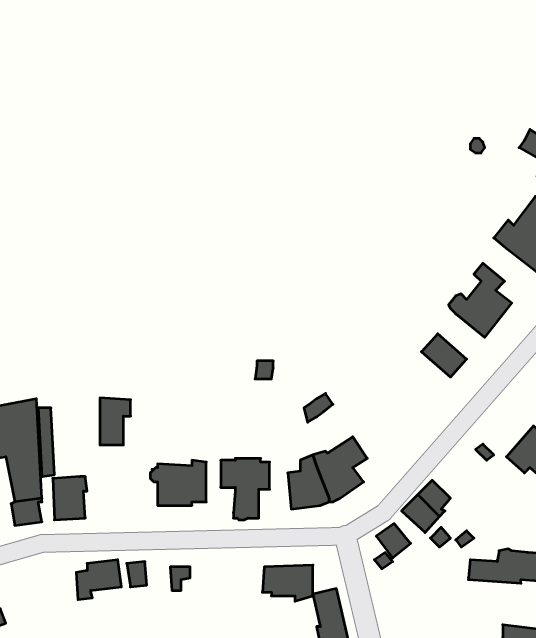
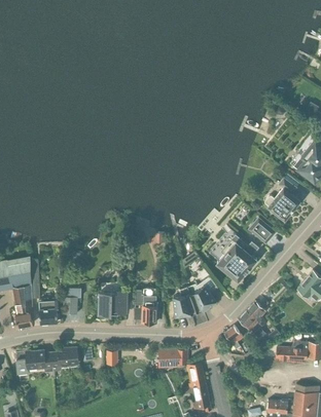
building: none -> [217,229,258,280]
building: [100,398,131,445] -> [64,288,81,314]
building: none -> [15,350,54,373]

